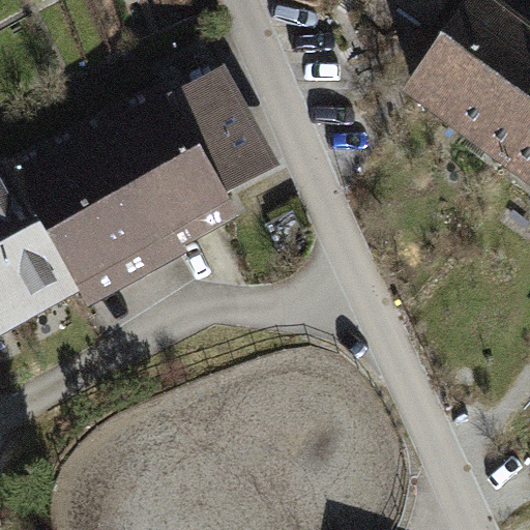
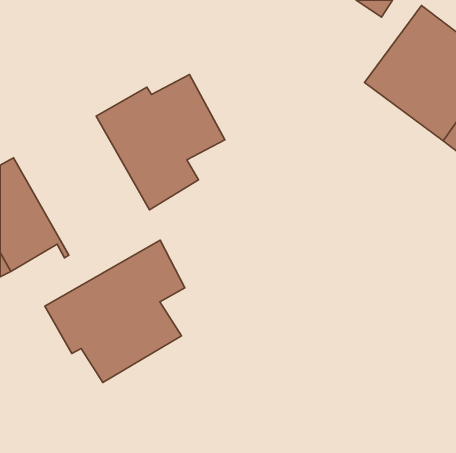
building: [24,145,179,303] -> none
building: none -> [45,240,185,383]

